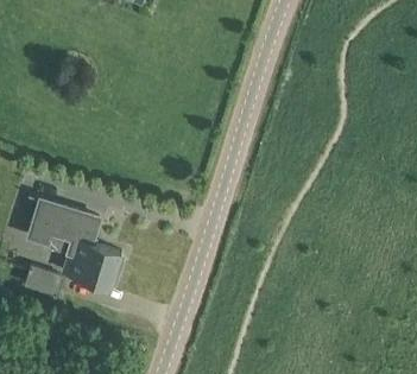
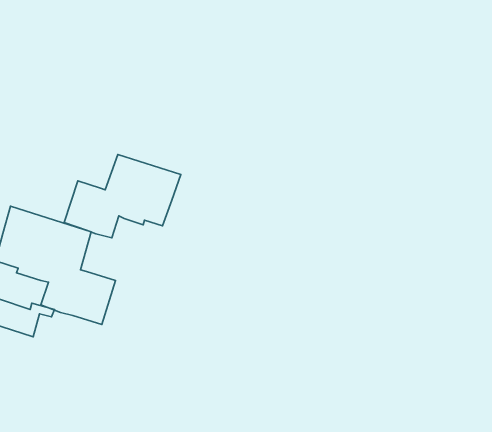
building: none -> [64,154,181,238]

